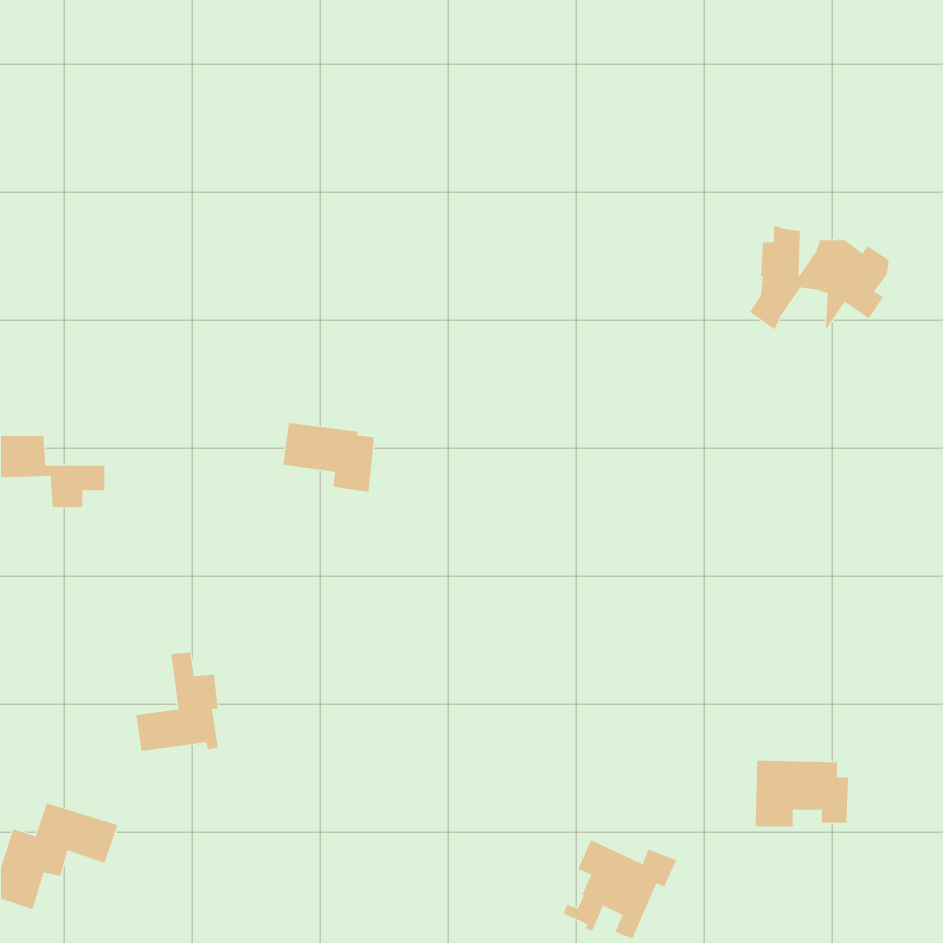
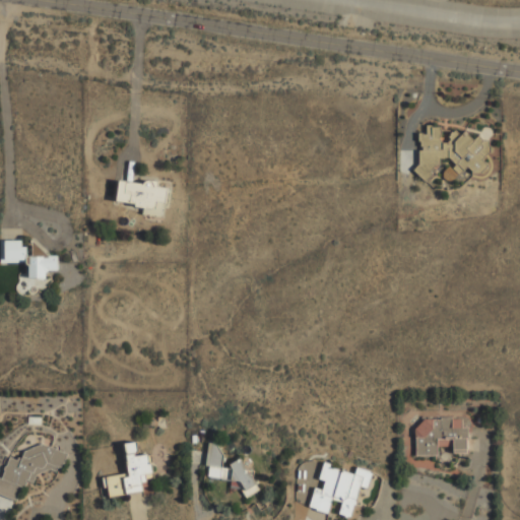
building: [283,422,375,493] -> [116,179,167,217]
building: [135,652,218,752] -> [105,442,150,497]
building: none -> [205,443,258,498]

